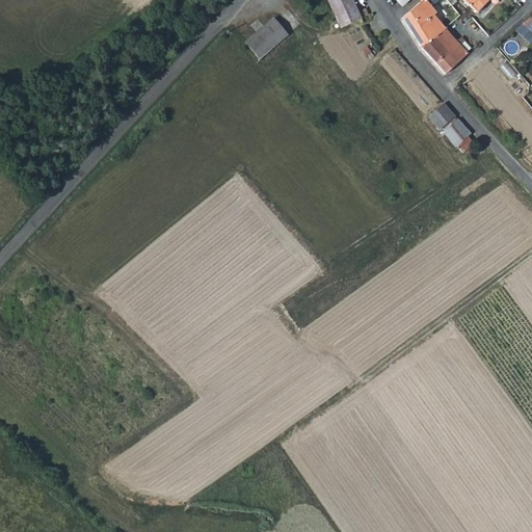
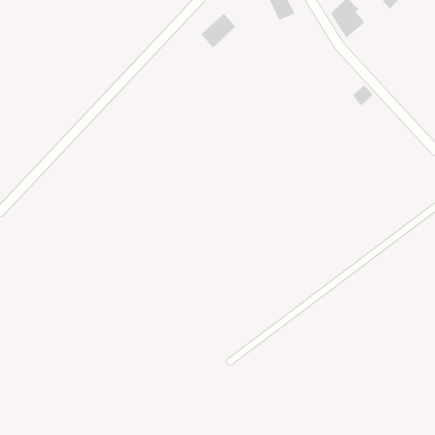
building: [423,27,469,73] -> none
building: [444,117,472,145] -> none

